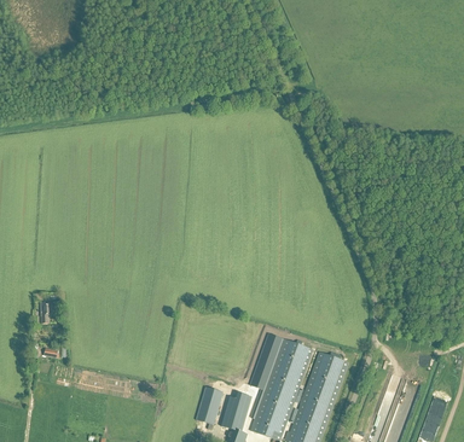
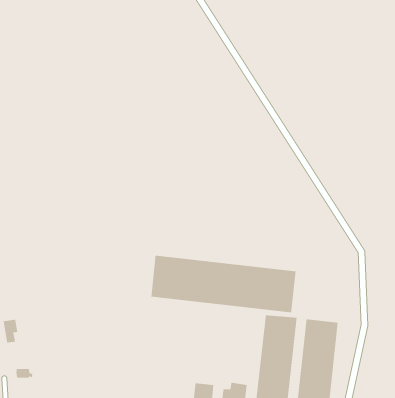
building: none -> [151,255,296,313]

